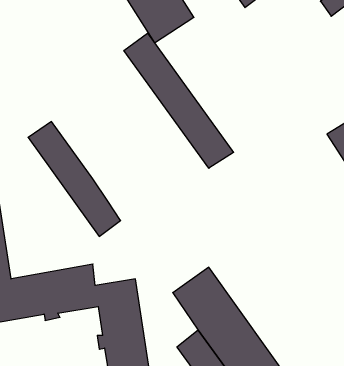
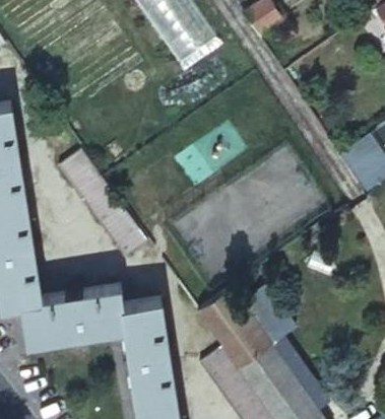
building: [124,33,234,168] -> none

